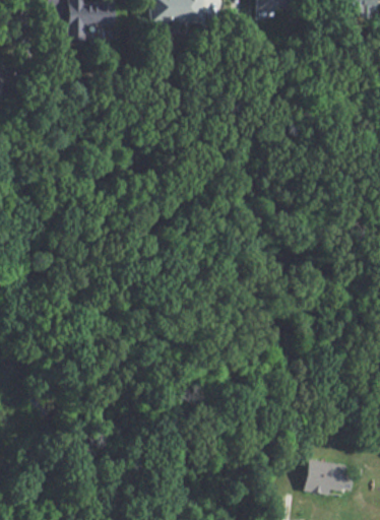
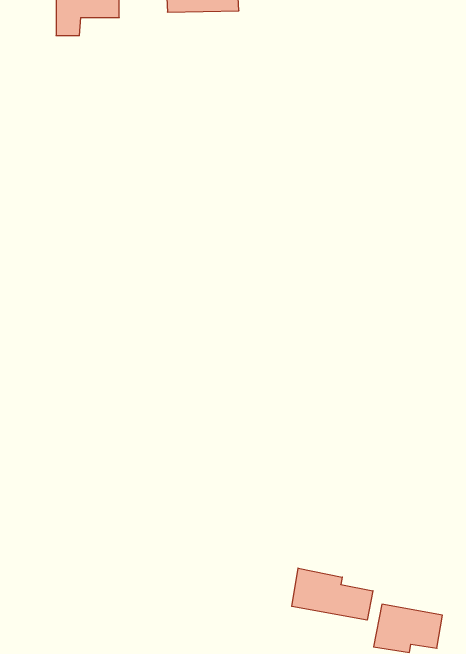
building: none -> [292,568,373,620]

